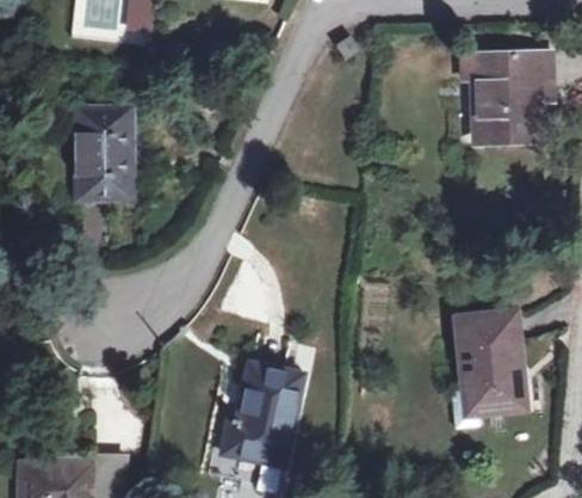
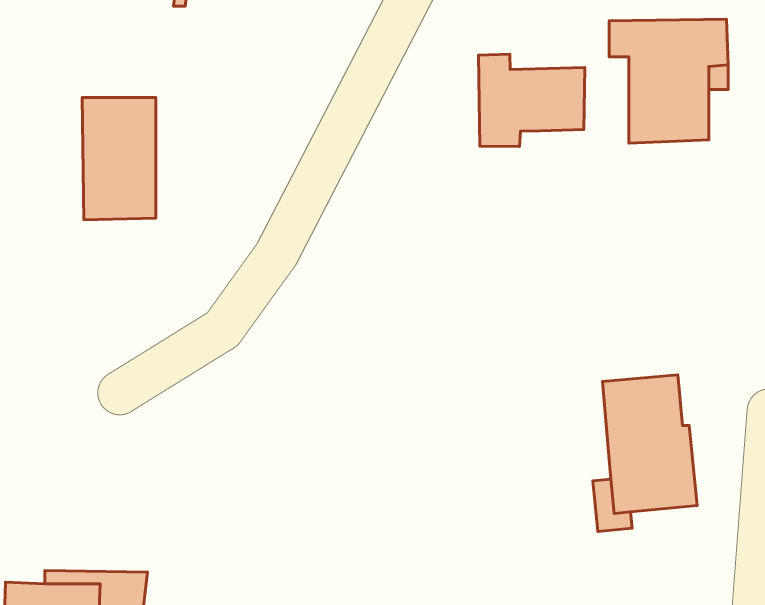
building: none -> [479,54,585,147]
building: [224,365,302,463] -> none

